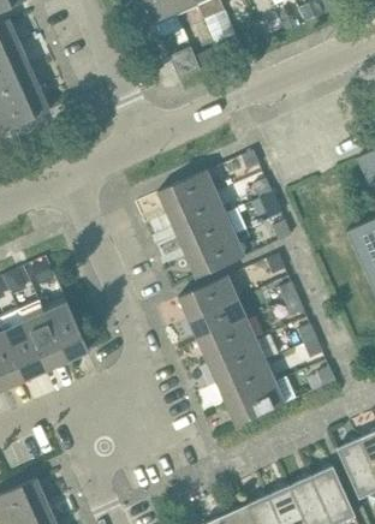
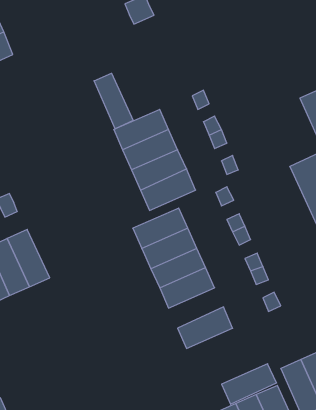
building: none -> [94,73,133,129]
building: [216,361,275,404] -> [222,364,277,404]

